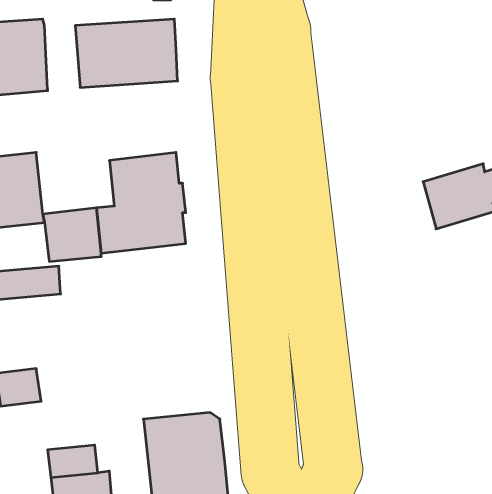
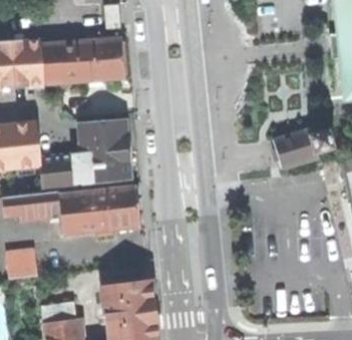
building: none -> [40,42,62,82]
building: none -> [58,187,137,234]

